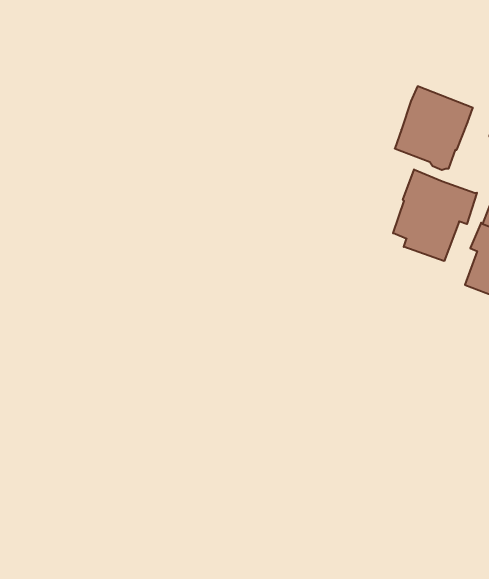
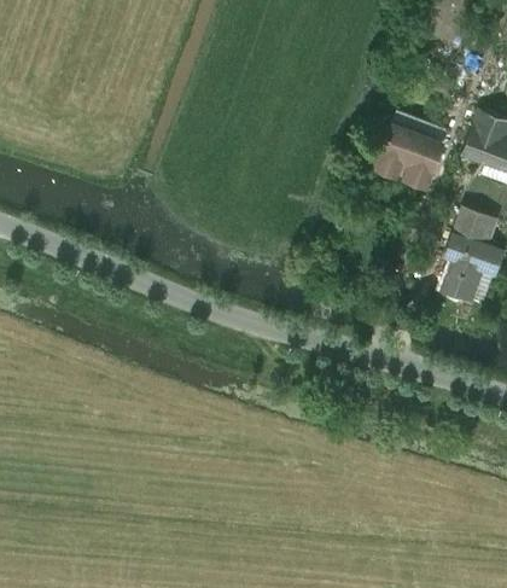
building: [393,169,477,261] -> none

